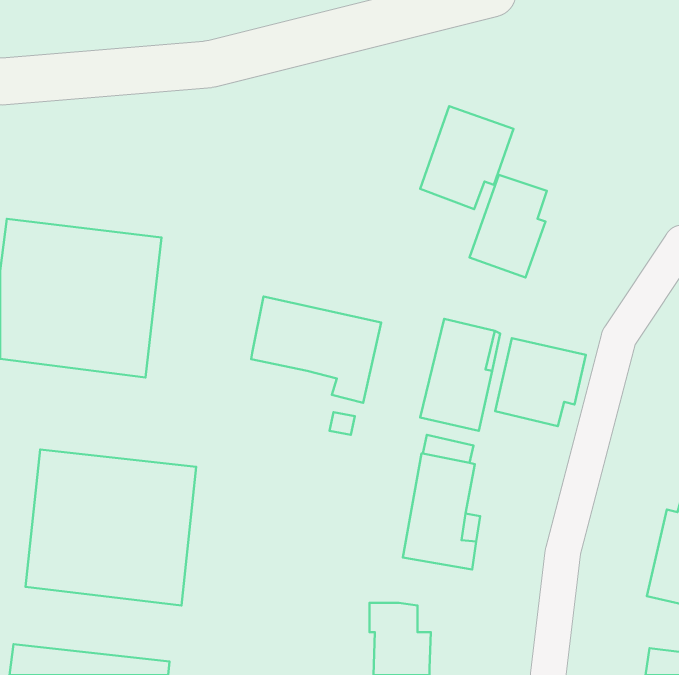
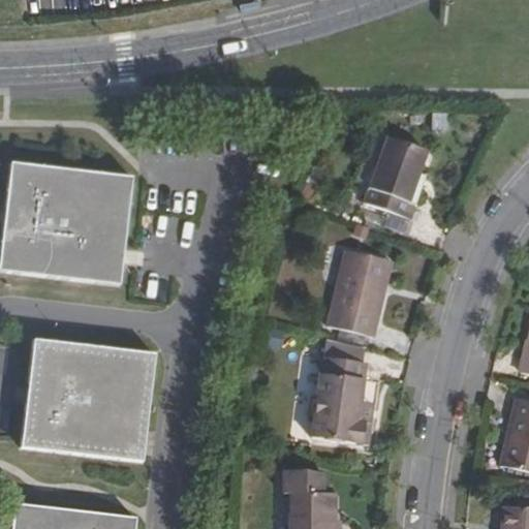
building: [420,106,513,209] -> none
building: [251,297,381,403] -> none
building: [495,338,586,426] -> none

